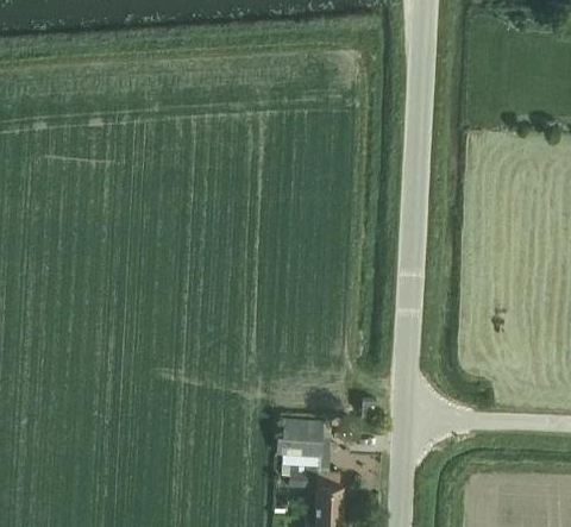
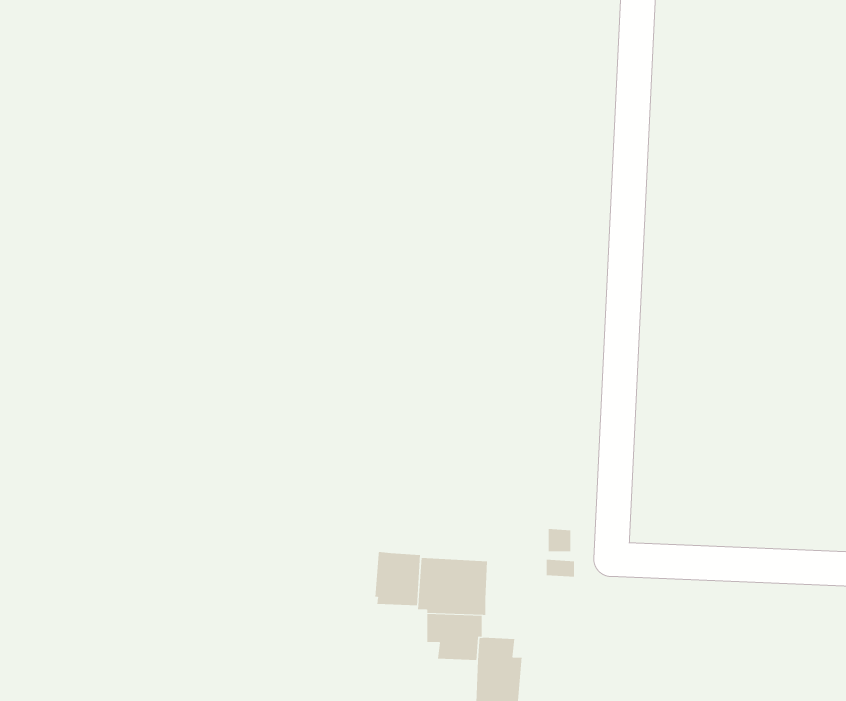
building: none -> [375,551,420,606]

